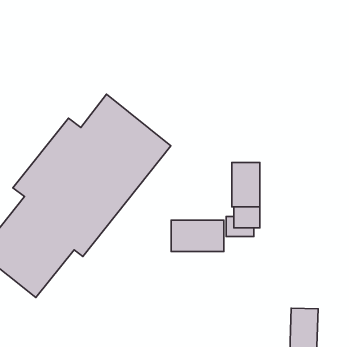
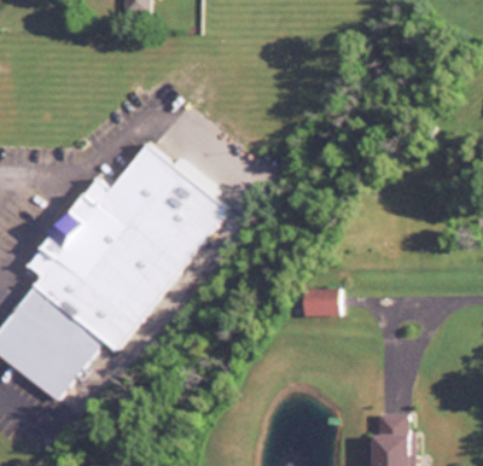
building: [232,162,260,207] -> none
building: [171,220,224,252] -> none

